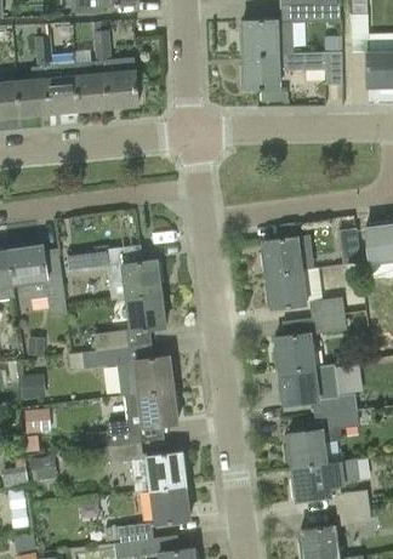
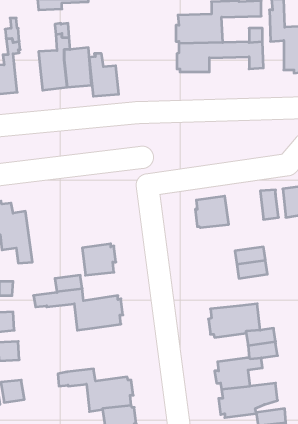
building: [44,62,79,113] -> [89,54,119,96]
building: [66,249,161,301] -> none
building: [264,270,306,308] -> none
building: [272,333,314,371] -> none
building: [80,389,178,449] -> none

